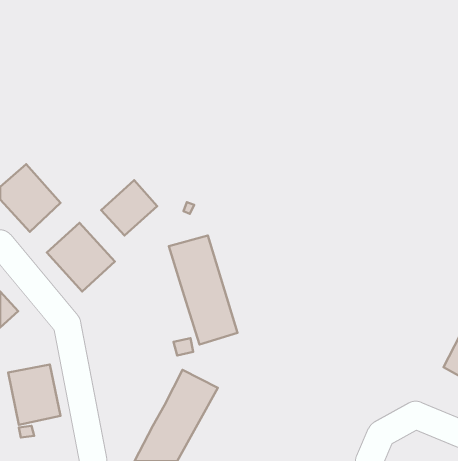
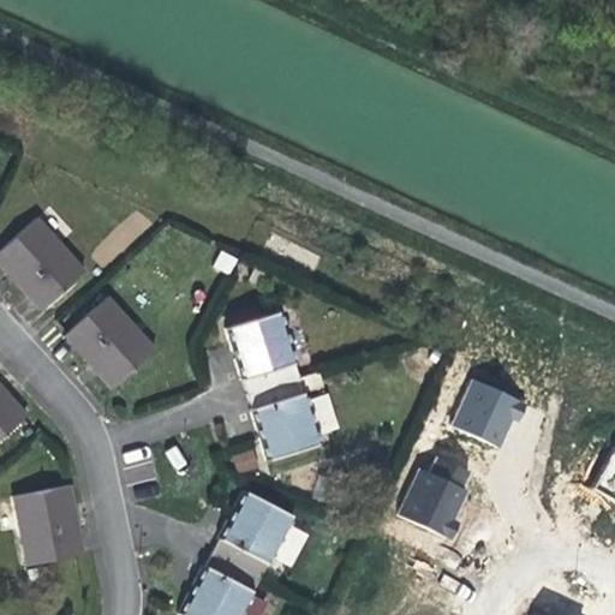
building: [101,180,157,235] -> none
building: none -> [448,376,523,444]
building: none -> [395,453,466,536]

